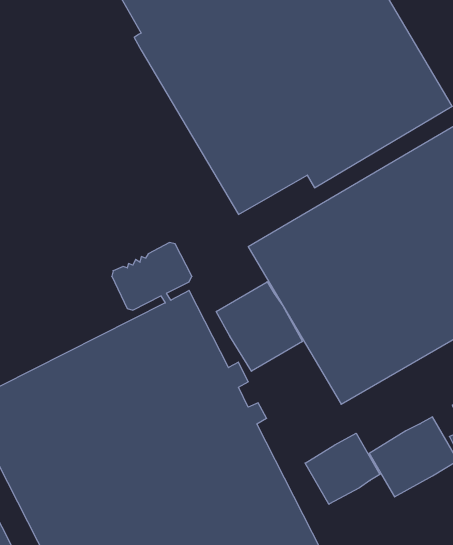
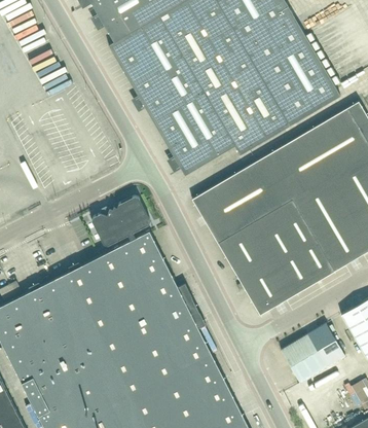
building: [216,282,302,371] -> none
building: [305,433,380,504] -> none

